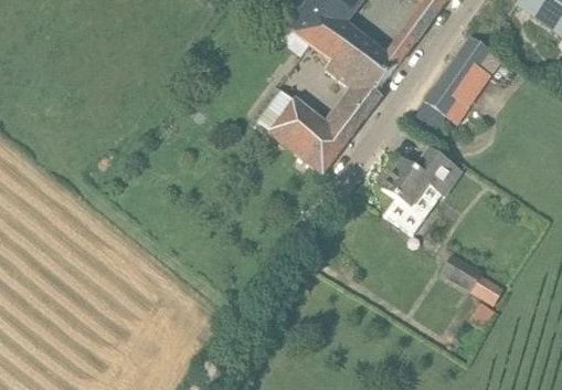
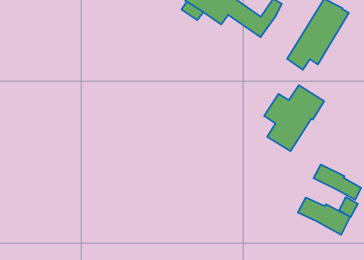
building: [253,48,383,171] -> none
building: none -> [298,197,350,235]

